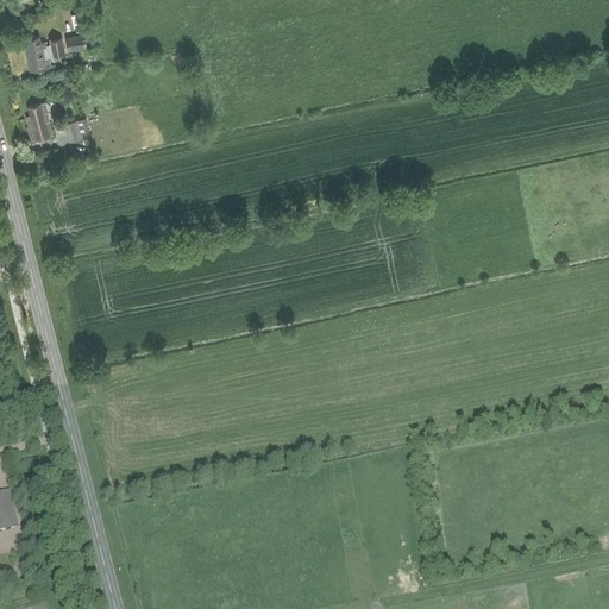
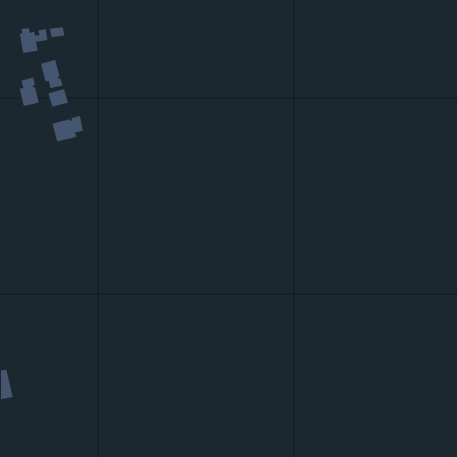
building: none -> [41,59,63,89]
building: none -> [52,115,84,142]

